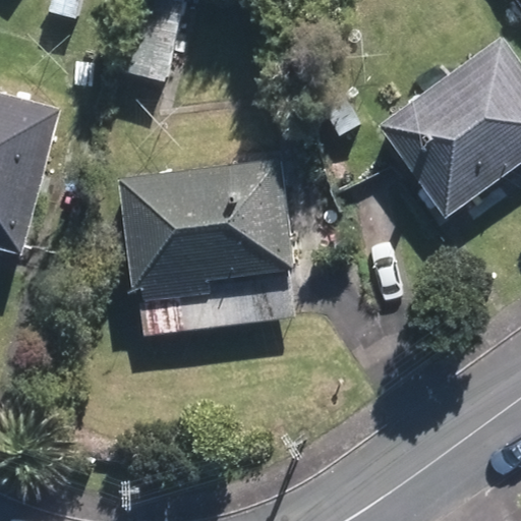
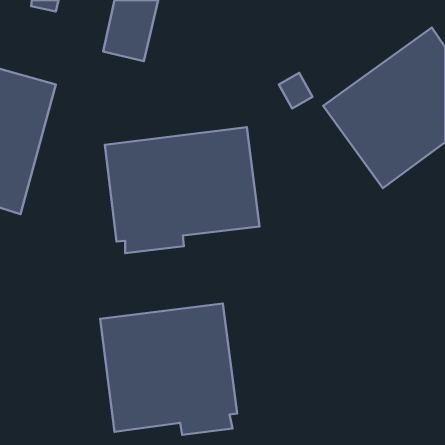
building: none -> [100,303,237,435]

